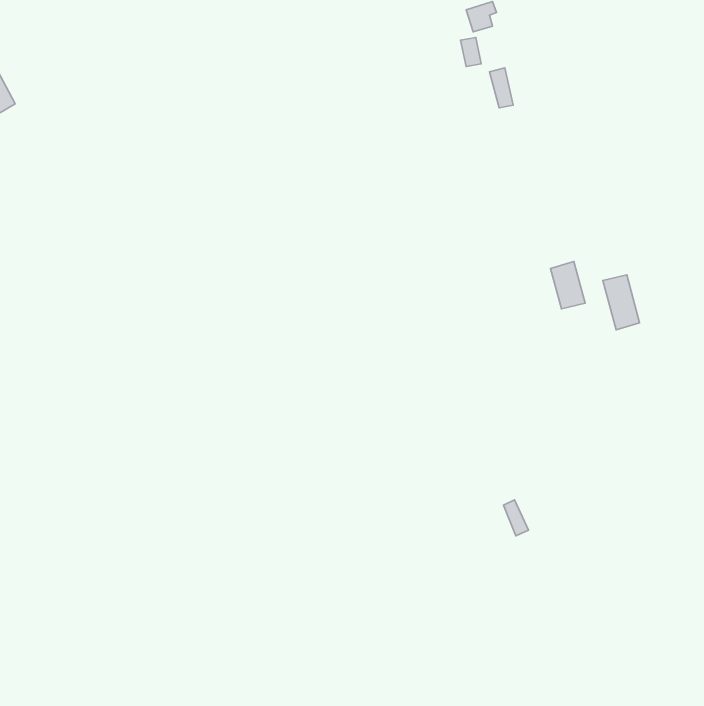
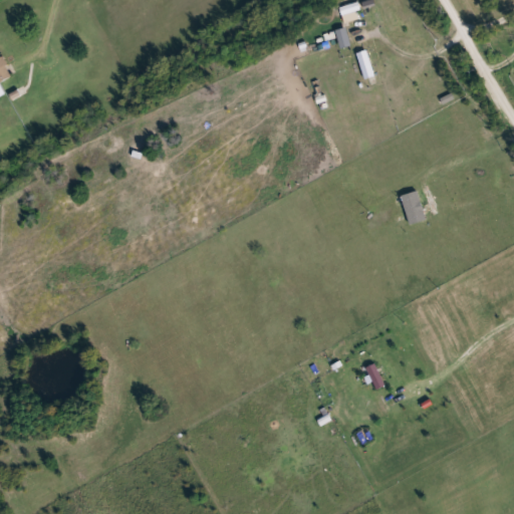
building: [603,275,639,330] -> none

